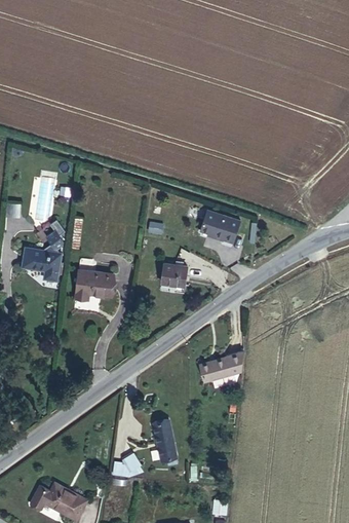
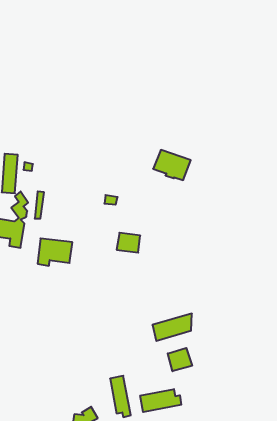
building: [199,211,240,244] -> [153,150,191,180]
building: none -> [168,348,192,371]
building: none -> [140,389,181,412]

